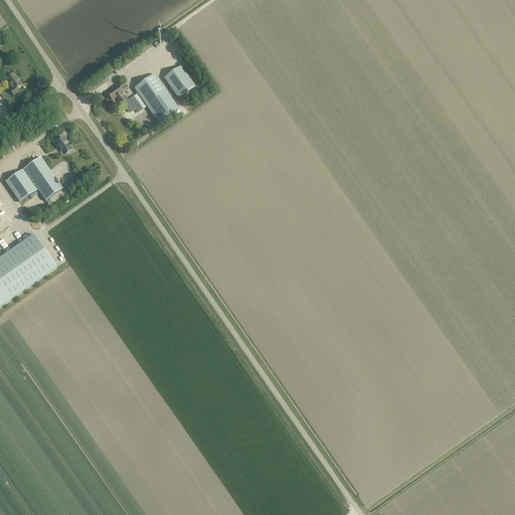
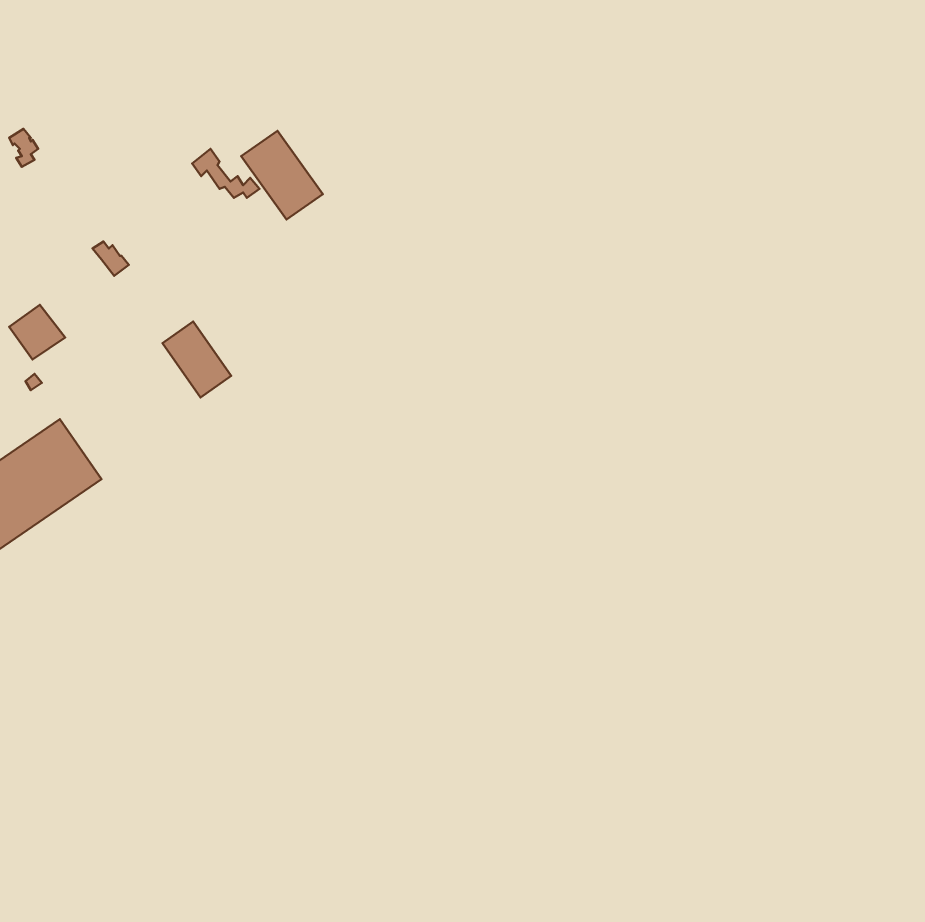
building: [164,64,193,95] -> none
building: [23,156,61,198] -> [162,321,231,398]

